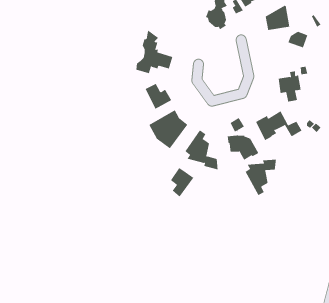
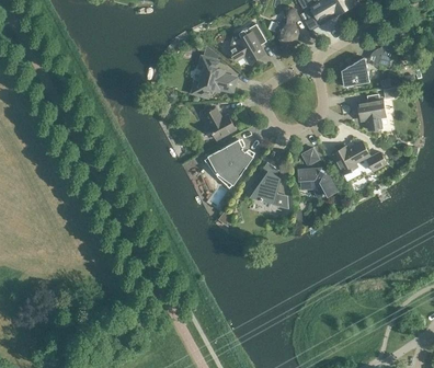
building: [265,5,290,31] -> [340,57,369,87]
building: none -> [228,24,264,62]
building: [245,159,276,196] -> none
building: [170,167,194,197] -> none

